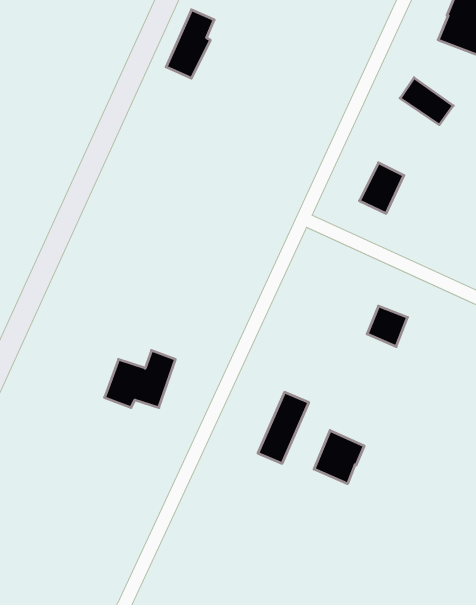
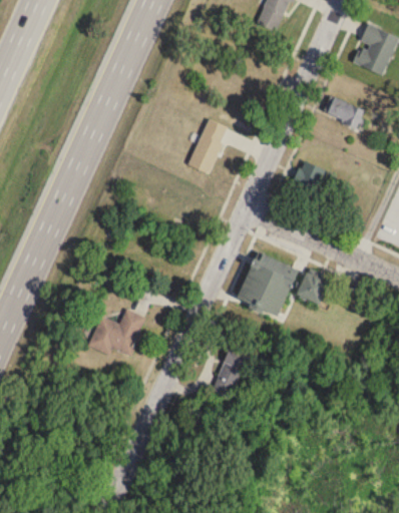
building: [166,10,214,78] -> [189,115,228,169]
building: none -> [236,254,297,318]
building: [314,430,364,484] -> none

